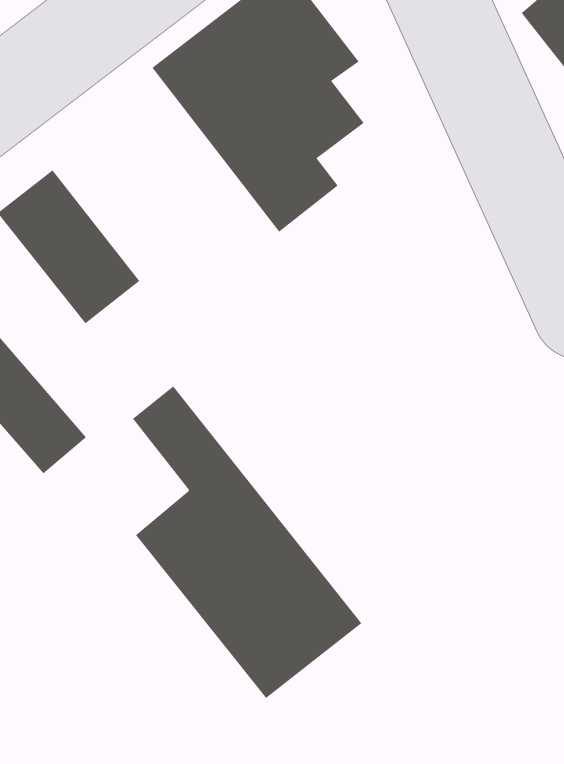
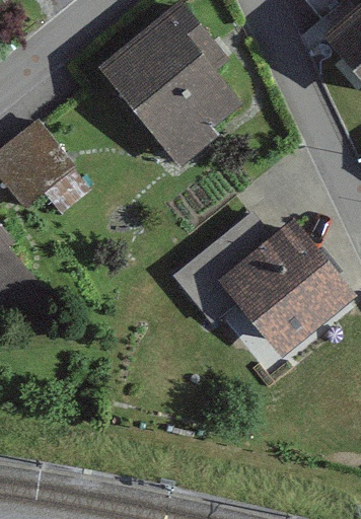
building: none -> [214,218,350,356]
building: [132,385,362,699] -> none

